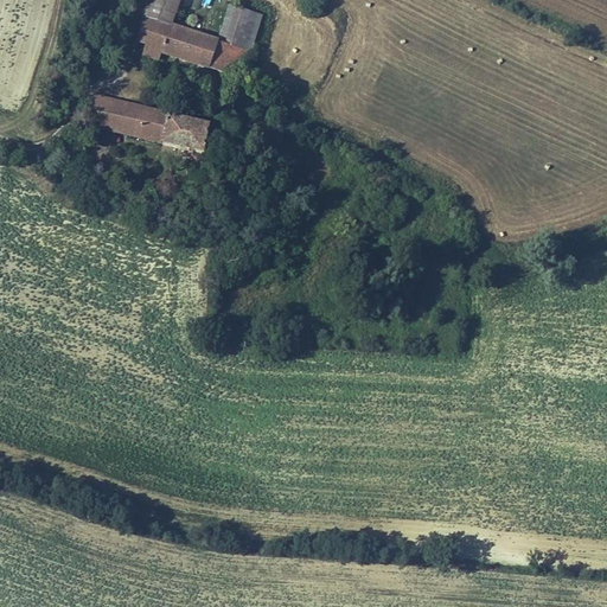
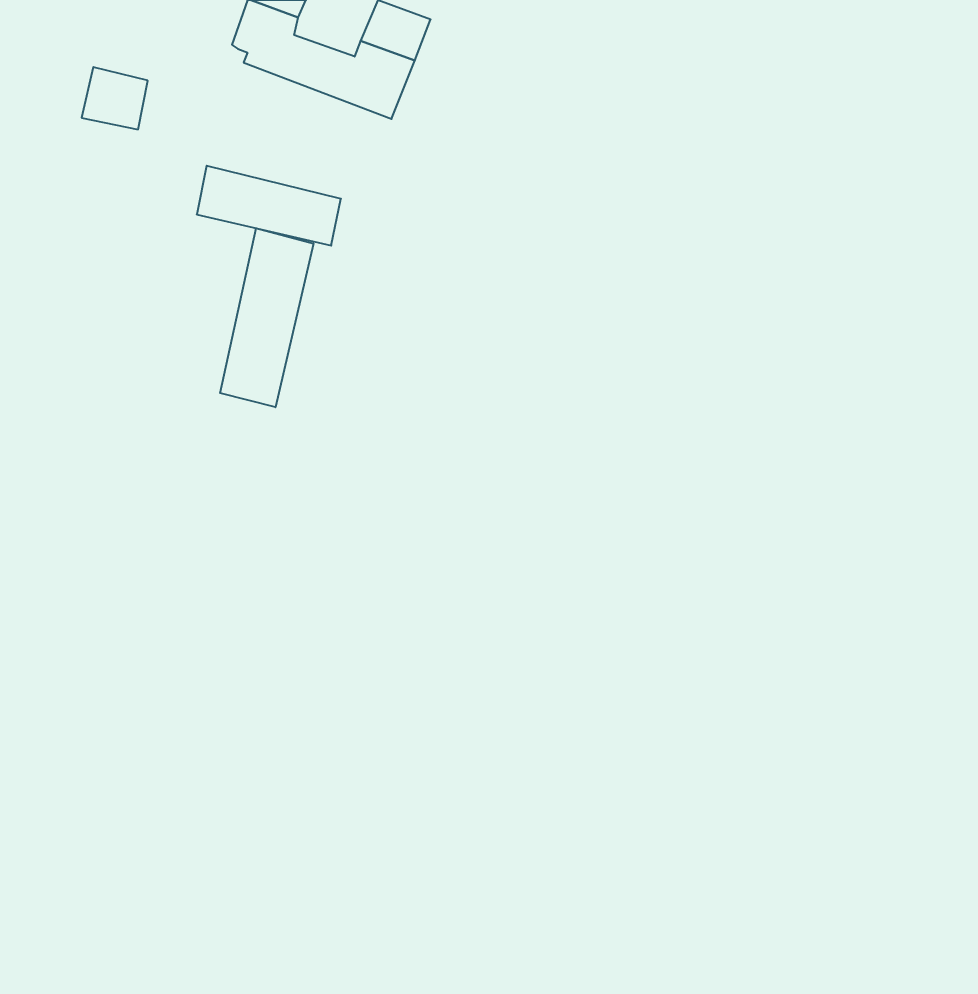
building: [85,94,126,132] -> [82,67,148,129]
building: none -> [220,228,313,407]

